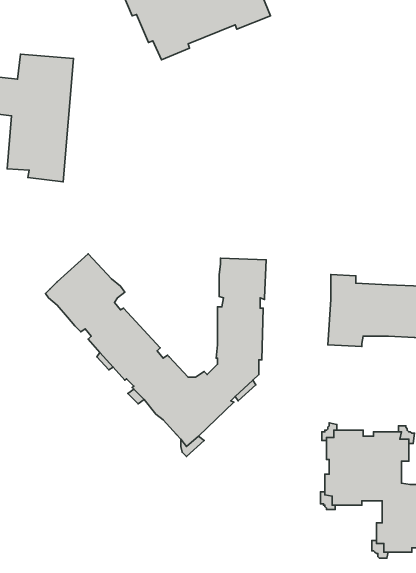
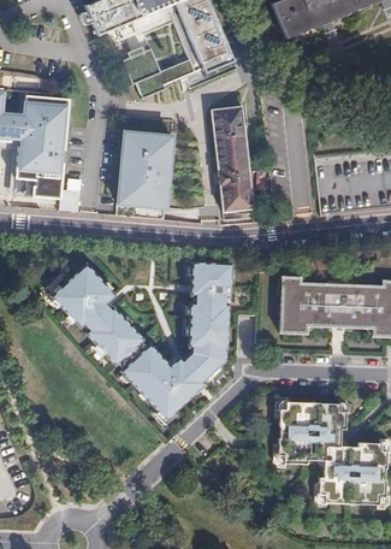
building: none -> [211,104,255,213]
building: none -> [119,132,173,208]

